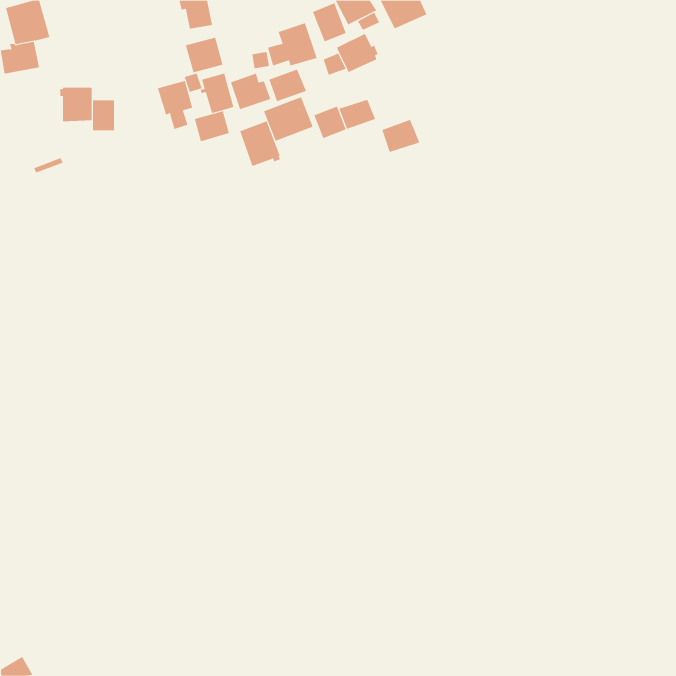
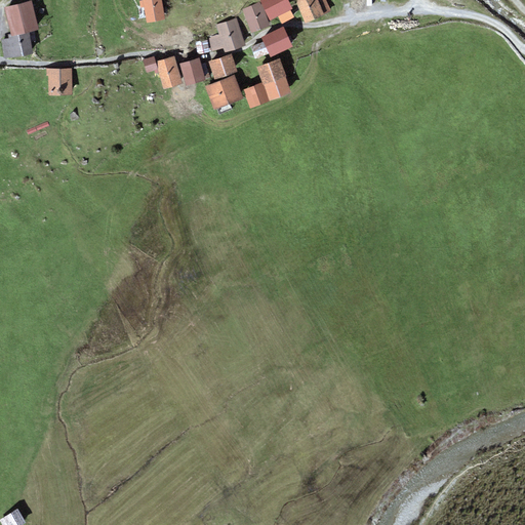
building: [185,37,223,73] -> none
building: [157,80,193,130] -> none
building: [93,99,114,131] -> none
building: [194,111,230,142] -> none
building: [381,119,420,152] -> [256,58,286,84]
building: [240,120,281,167] -> none

